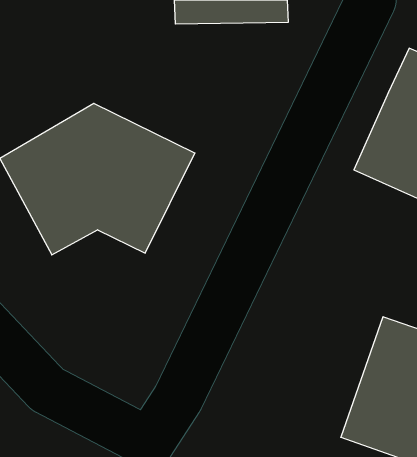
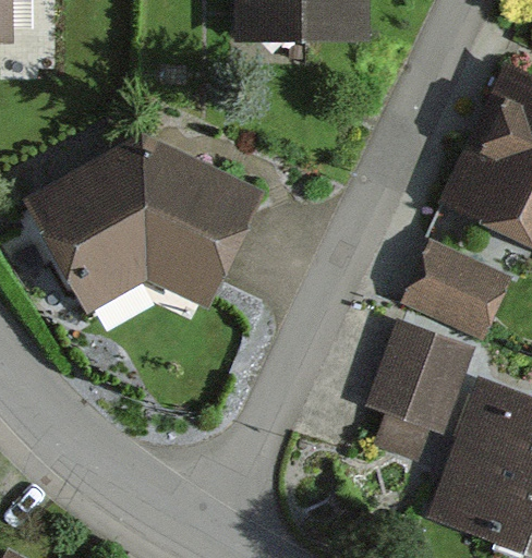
building: none -> [401,242,510,342]
building: none -> [366,320,480,468]

